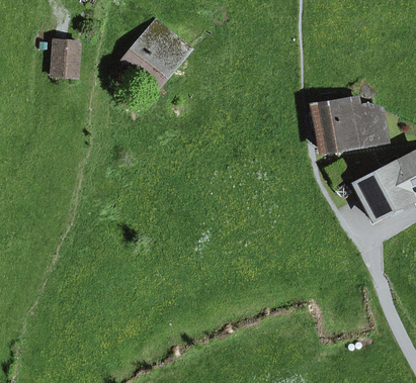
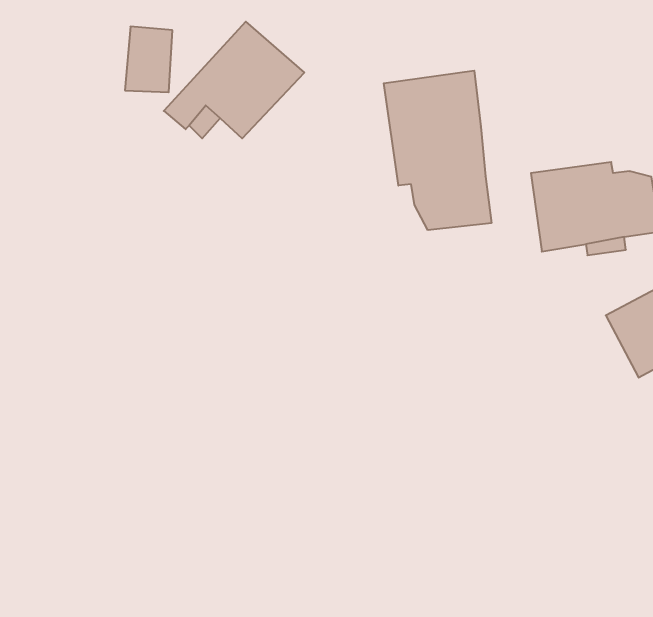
building: [51,39,77,76] -> [125,27,172,92]
building: none -> [384,71,491,230]

